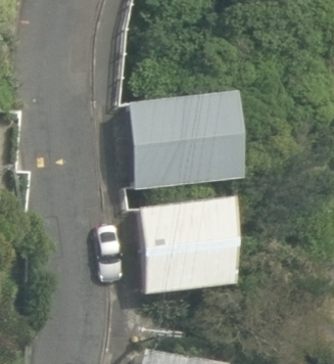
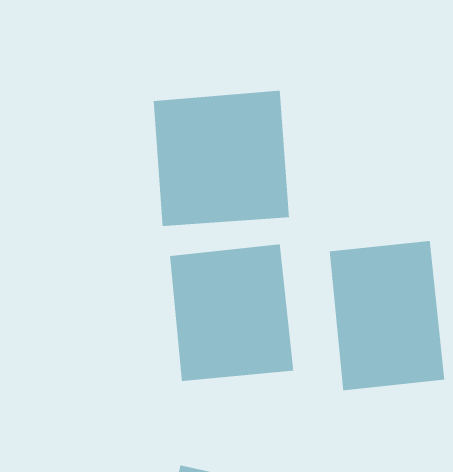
building: none -> [329,240,445,391]

